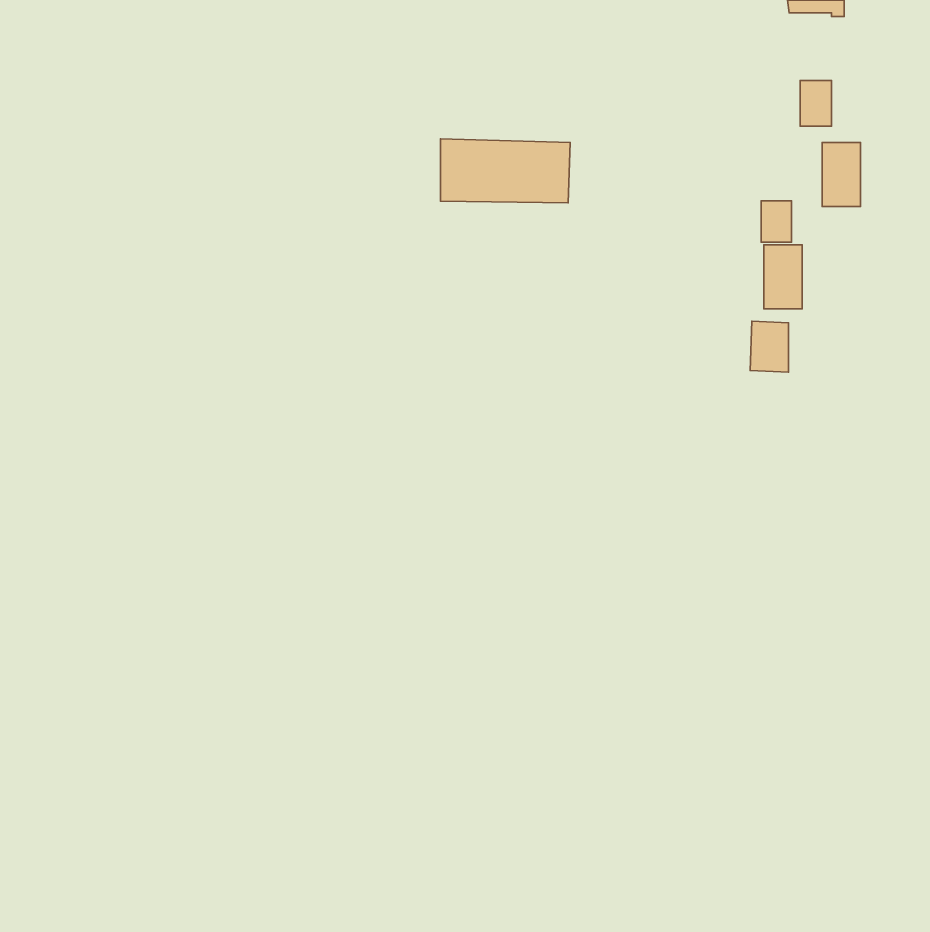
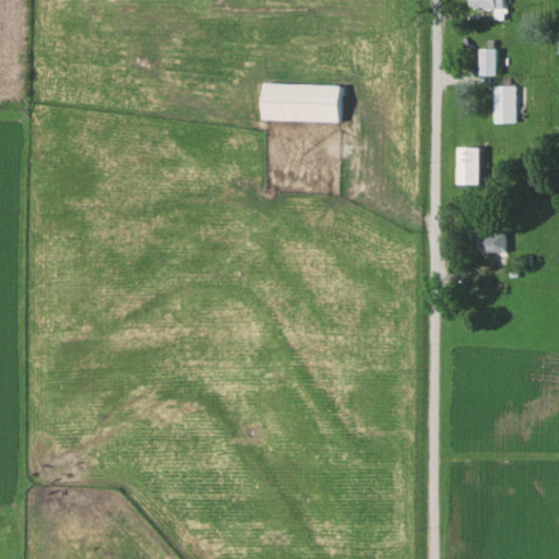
building: [761,201,791,242] -> none
building: [750,321,788,372] -> [480,223,503,253]

